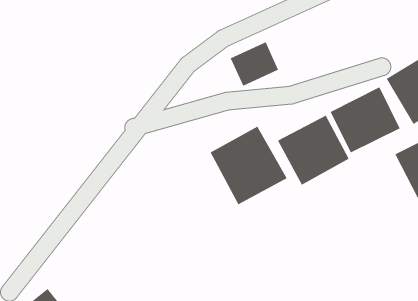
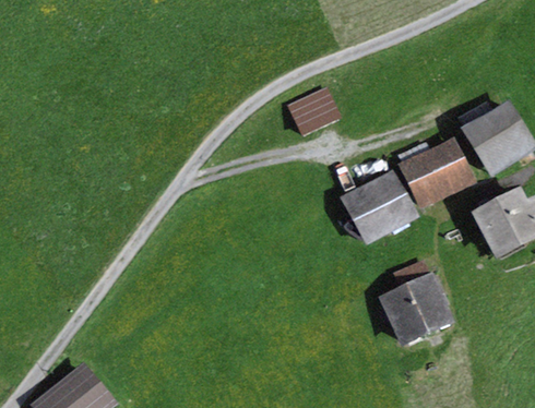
building: [210,126,288,205] -> none
building: none -> [378,256,455,347]

